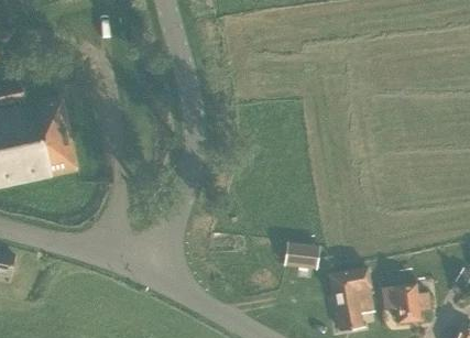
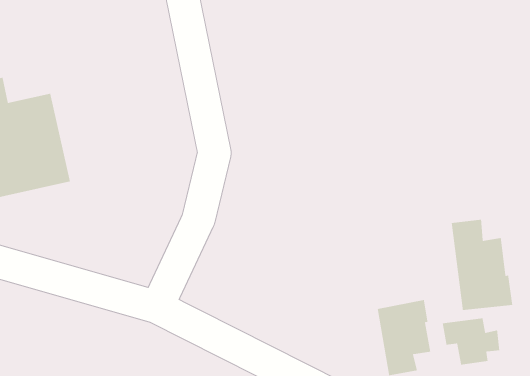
building: none -> [451,219,513,311]
building: [285,242,318,269] -> none

